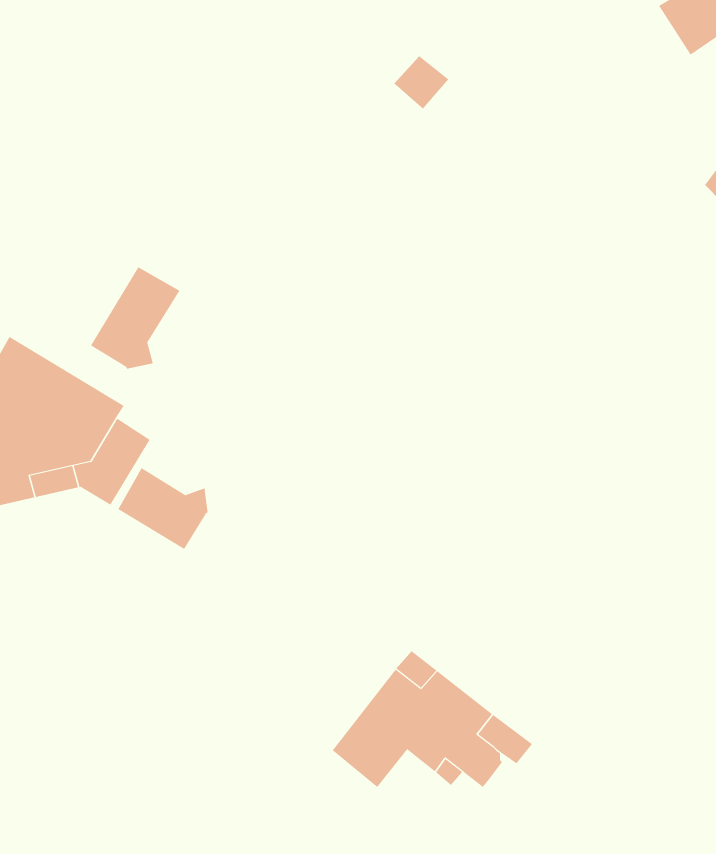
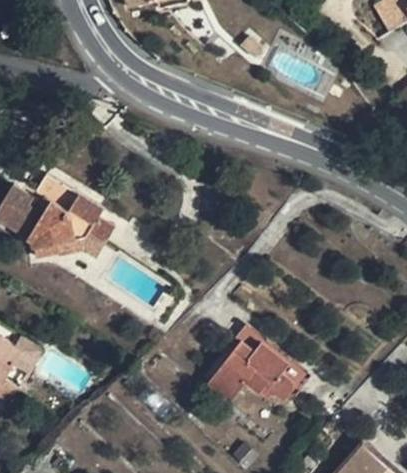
building: [90,267,180,370] -> none
building: [117,467,208,550] -> none

